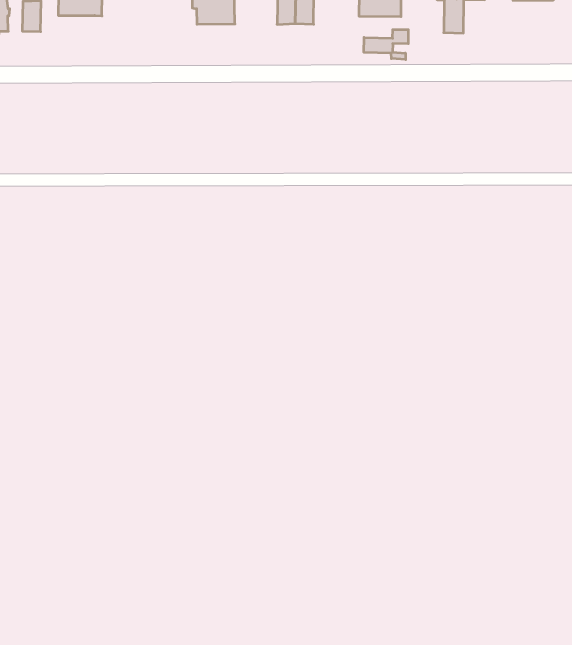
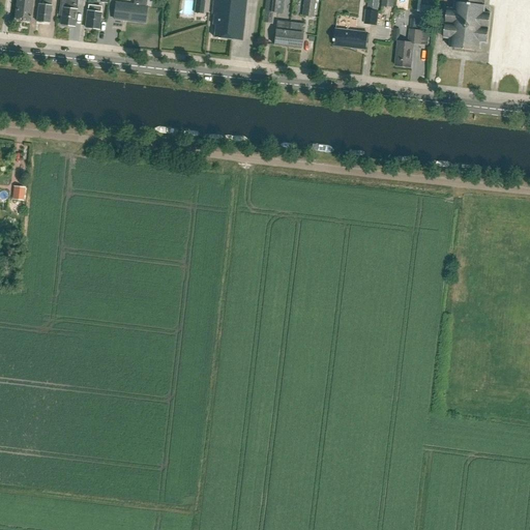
building: [364,30,408,60] -> none

